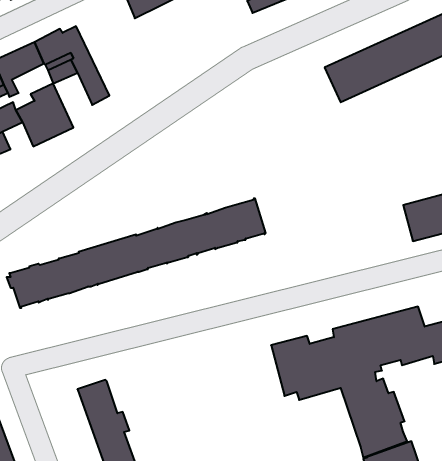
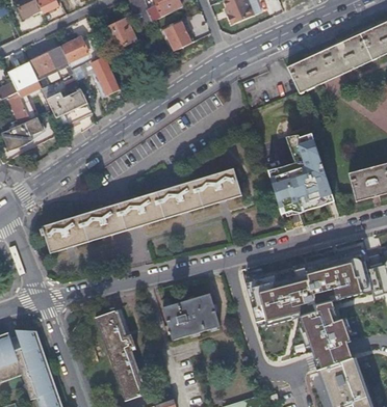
building: none -> [104,19,136,51]
building: none -> [164,22,191,51]
building: none -> [268,133,333,214]
building: none -> [162,297,218,340]

